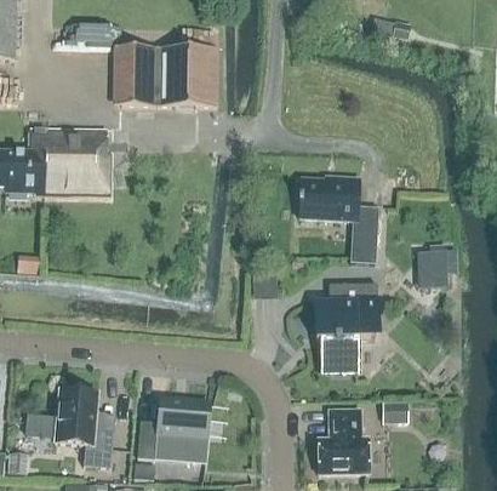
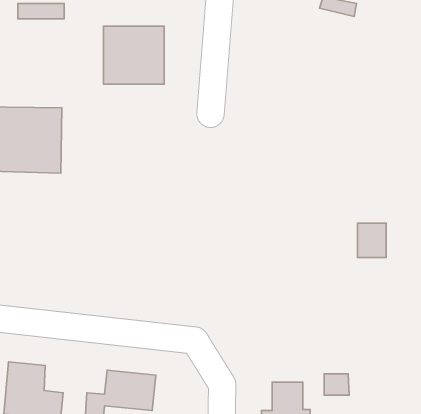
building: [113,46,156,104] -> none
building: [298,176,377,262] -> none
building: [314,282,377,372] -> none

